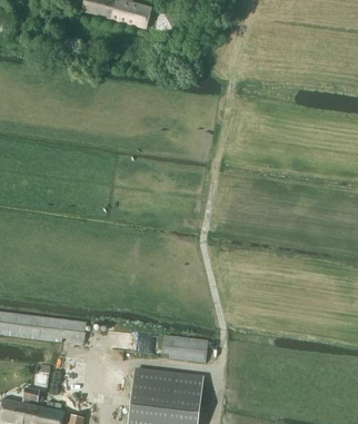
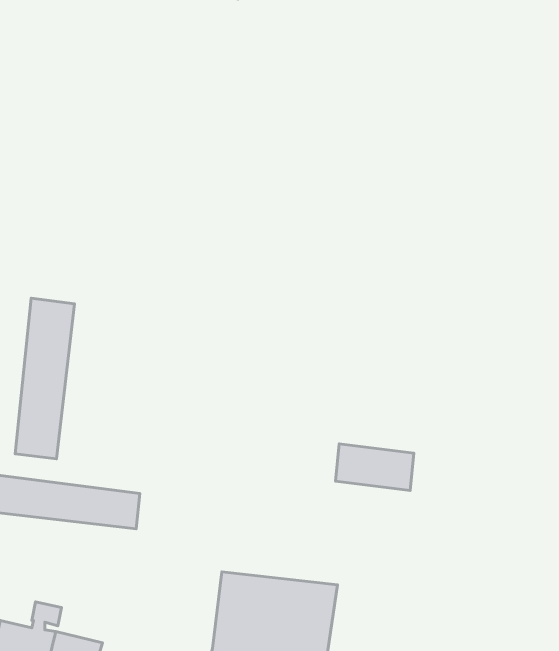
building: none -> [15,298,75,459]
building: [160,334,207,362] -> [336,444,414,491]

